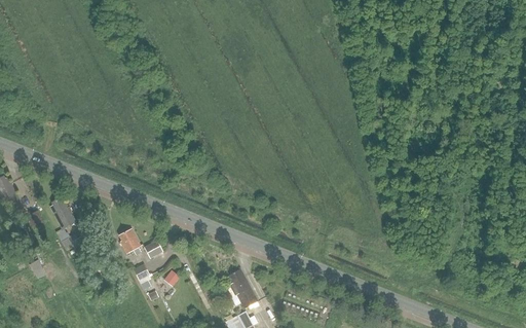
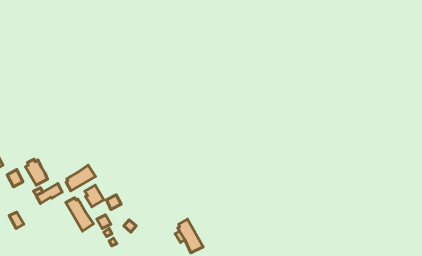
building: none -> [66,165,95,191]
building: none -> [66,198,94,231]

